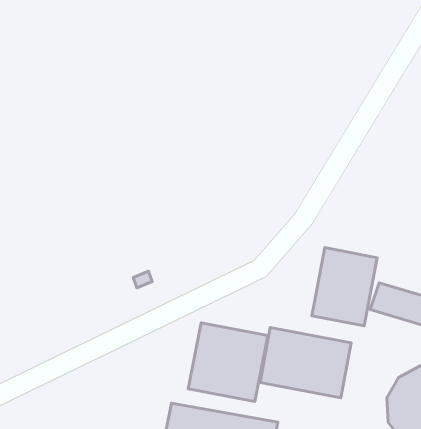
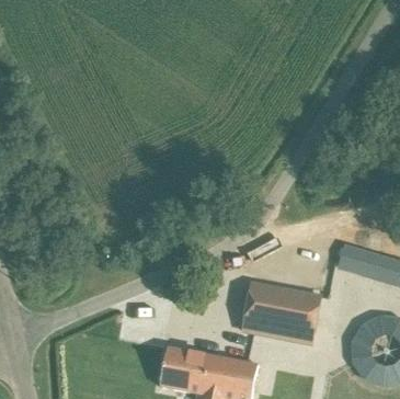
building: [312,248,377,326] -> none
building: [188,323,268,402] -> none

